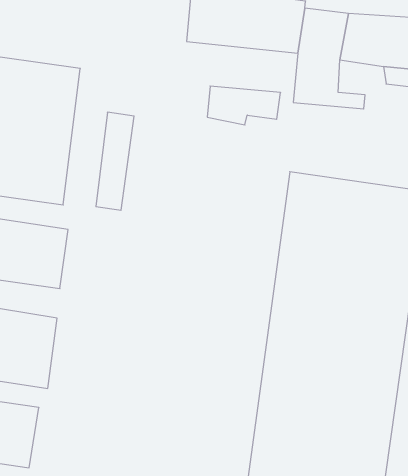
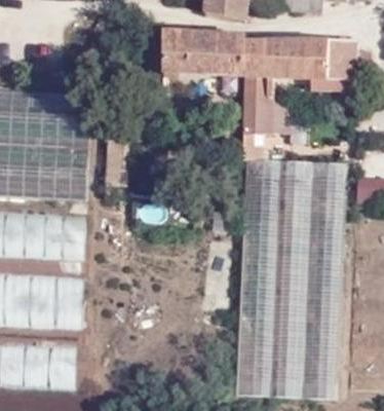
building: [207,86,281,125] -> [244,109,296,135]

